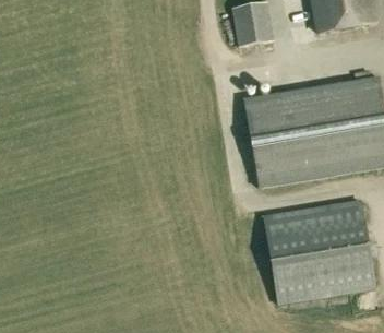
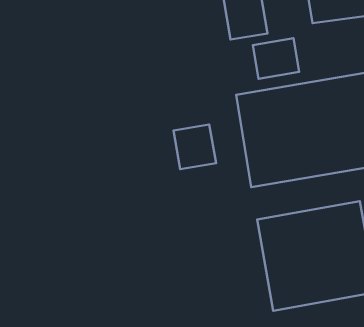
building: none -> [253,38,299,79]
building: none -> [173,125,216,169]

